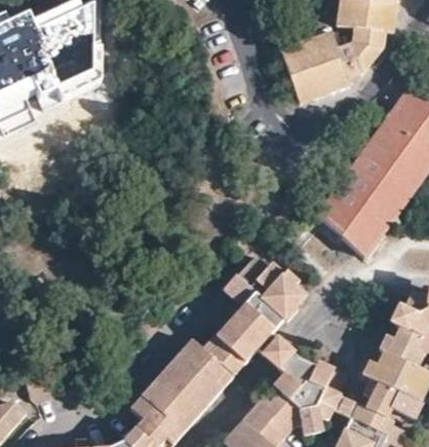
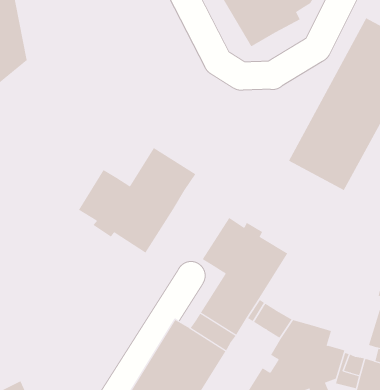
building: none -> [78,147,196,254]

